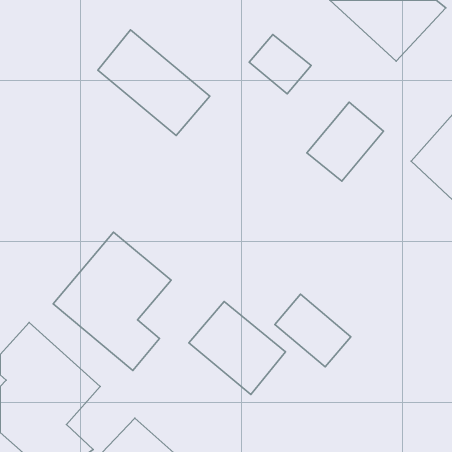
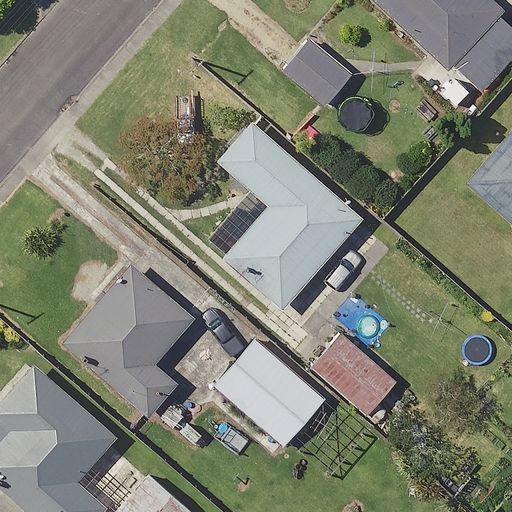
building: [98,30,210,136] -> none
building: [307,102,383,181] -> none
building: none -> [216,123,364,314]

